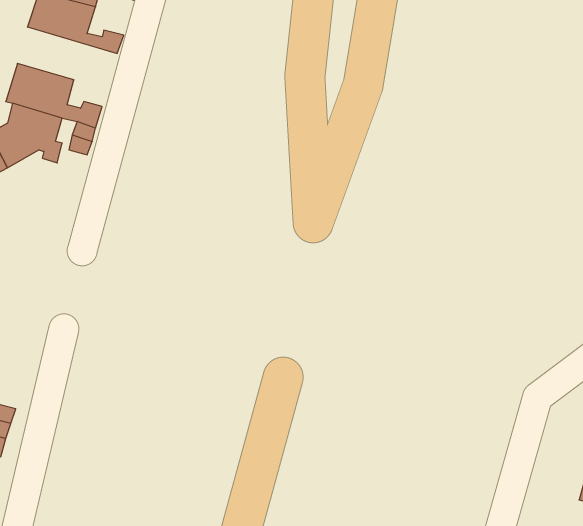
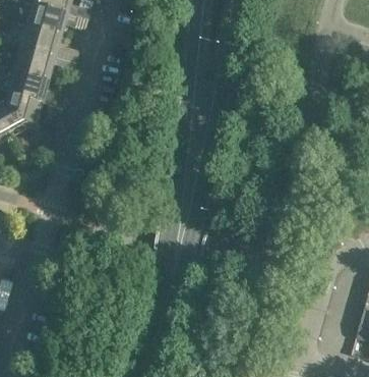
building: none -> [13,46,74,78]

